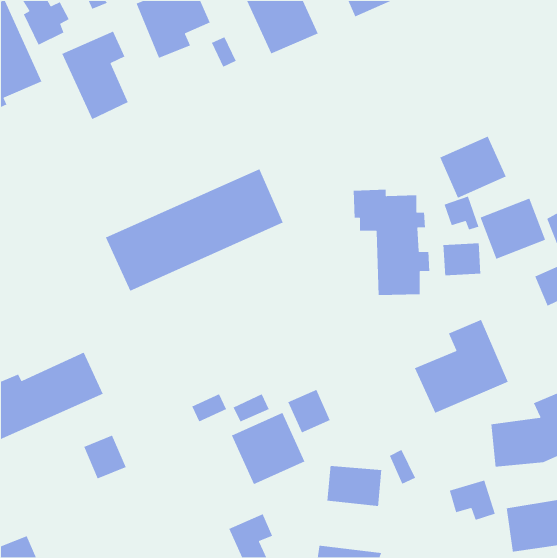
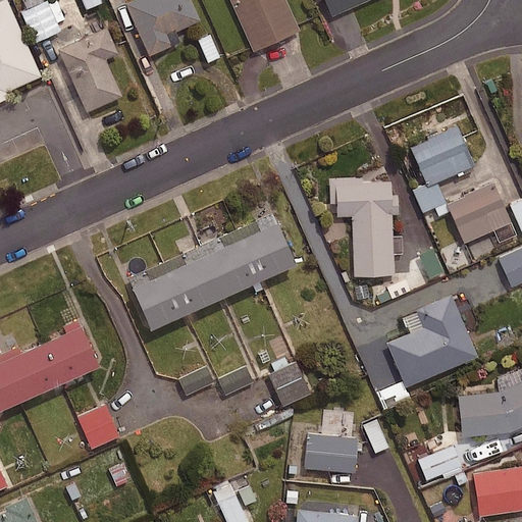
building: [105,168,284,292] -> [127,215,295,330]
building: [443,242,481,276] -> none
building: [231,412,306,485] -> none

